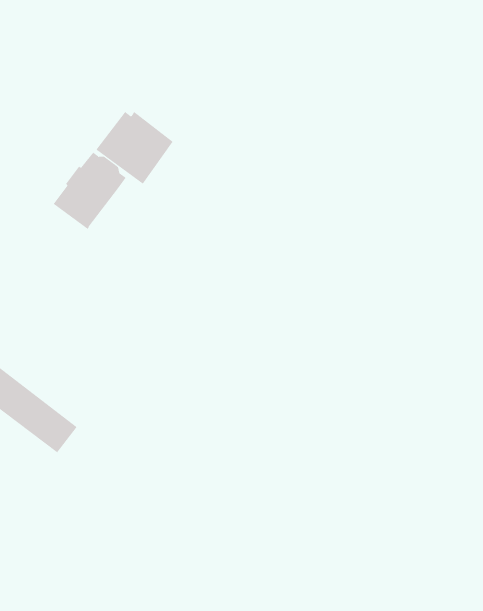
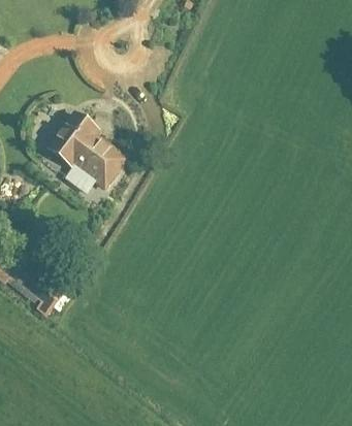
building: [96,111,174,185] -> [72,137,125,187]

